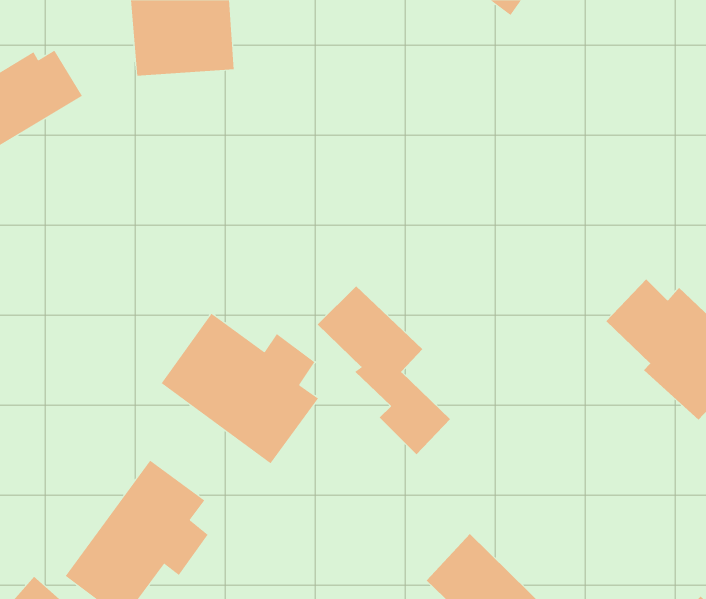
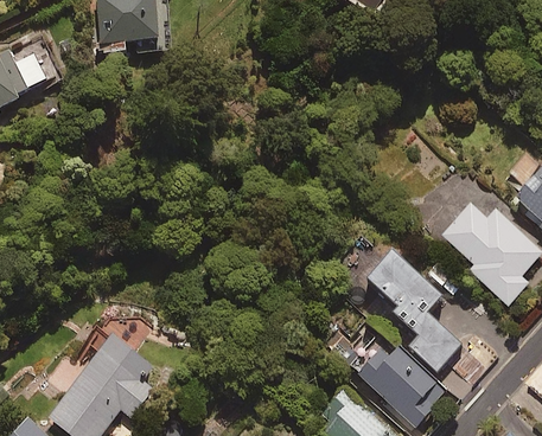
building: [317,285,451,455] -> [363,248,460,371]
building: [161,313,319,464] -> none
building: none -> [347,336,447,425]

